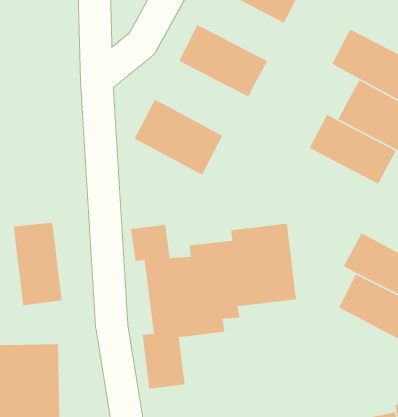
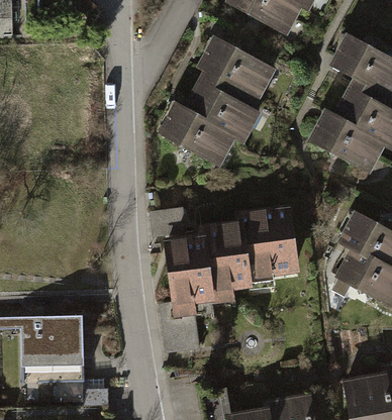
building: none -> [183,71,266,139]
building: [13,222,63,306] -> none

